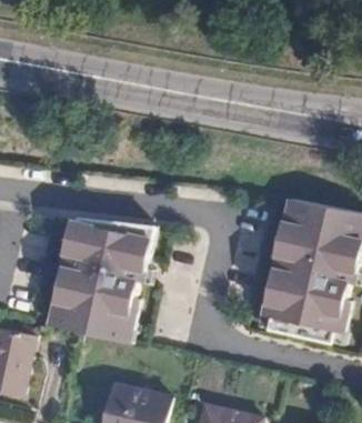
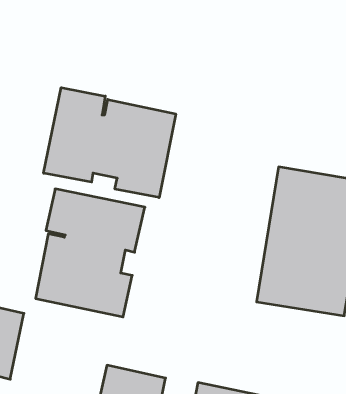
building: none -> [44,88,176,198]

